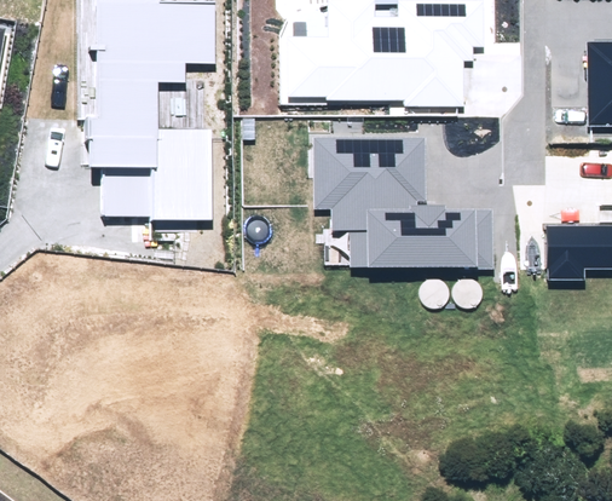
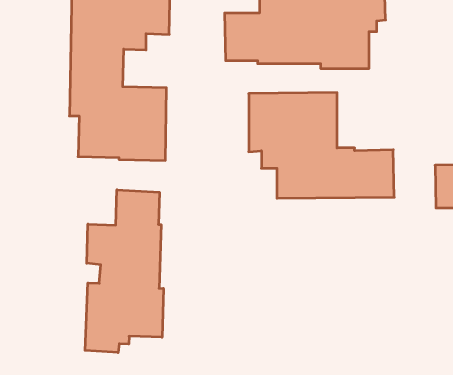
building: none -> [85,190,163,353]

